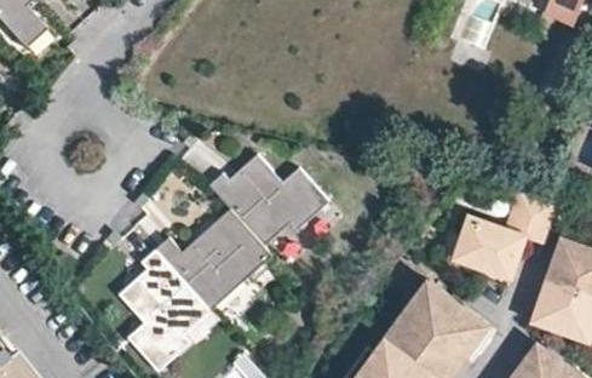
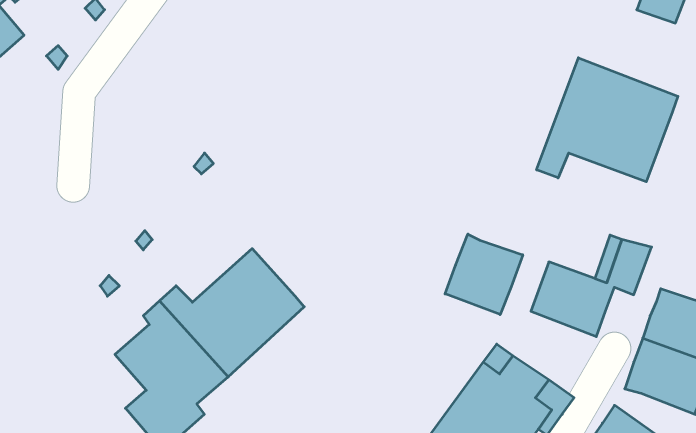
building: none -> [537,58,678,182]
building: [208,151,331,245] -> none
building: none -> [445,234,523,315]

